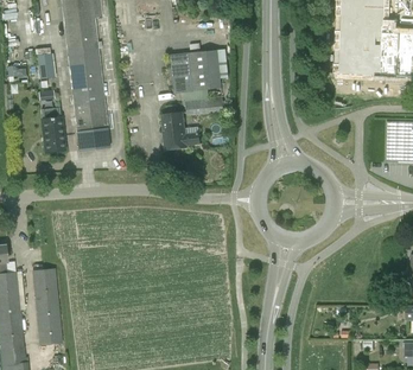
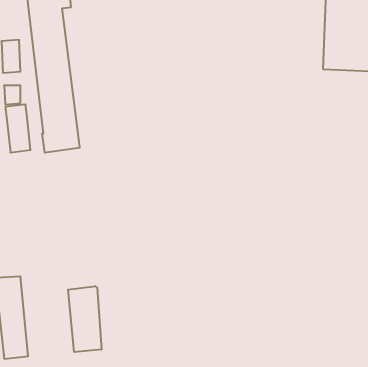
building: [170,50,223,116] -> none
building: [160,111,199,149] -> none
building: none -> [68,286,102,352]

